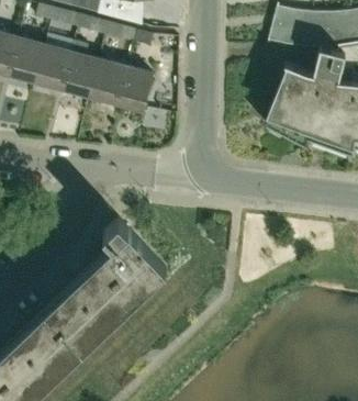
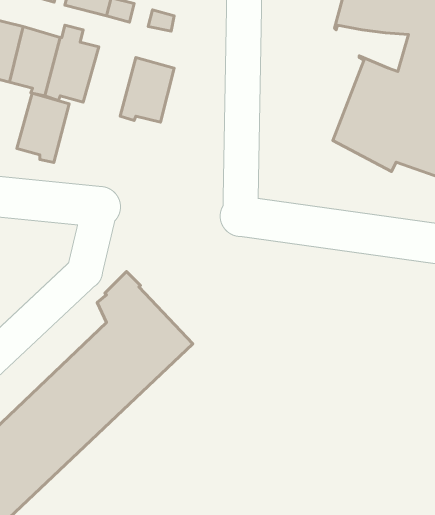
building: [88,56,125,105] -> [17,93,69,162]

